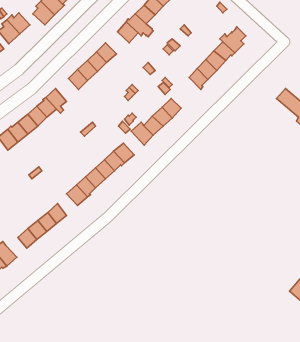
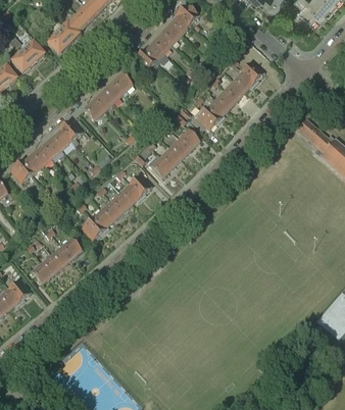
building: none -> [190,105,219,131]

